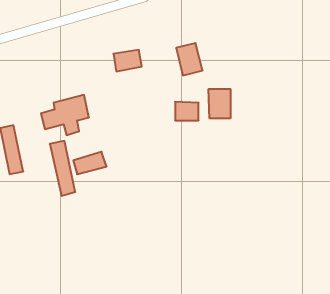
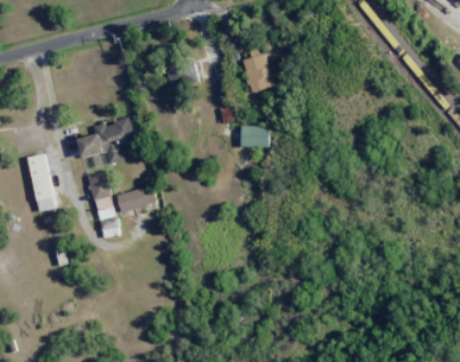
building: [209,89,230,118] -> none

